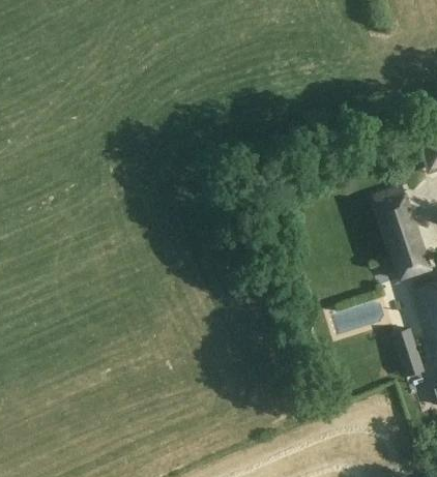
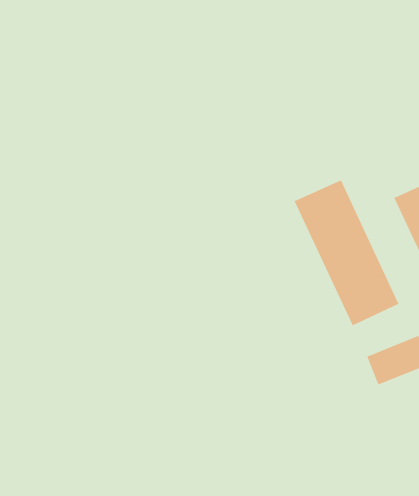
building: none -> [294,180,399,326]

